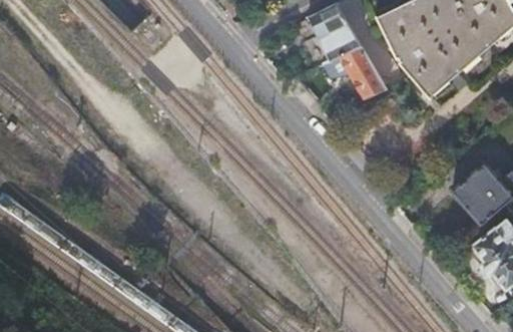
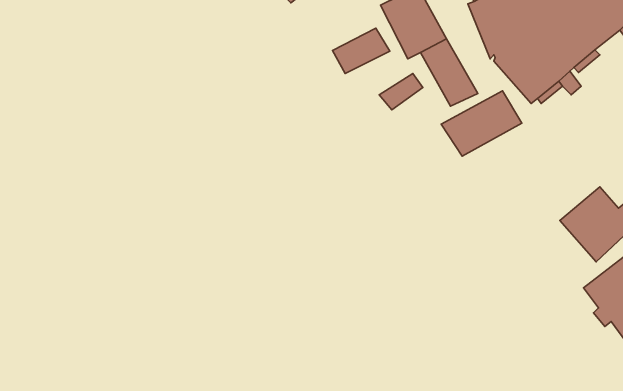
building: none -> [333,28,390,74]
building: none -> [441,91,522,156]

